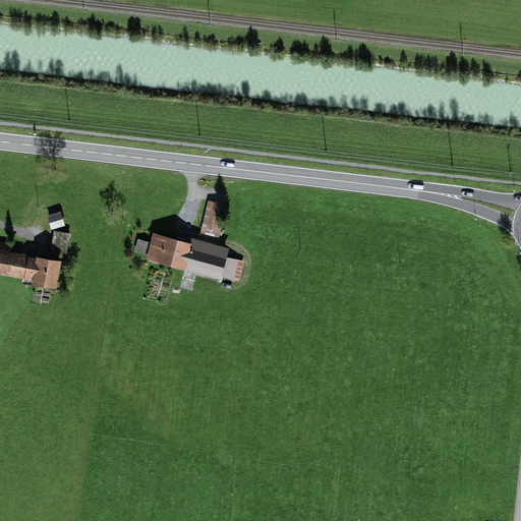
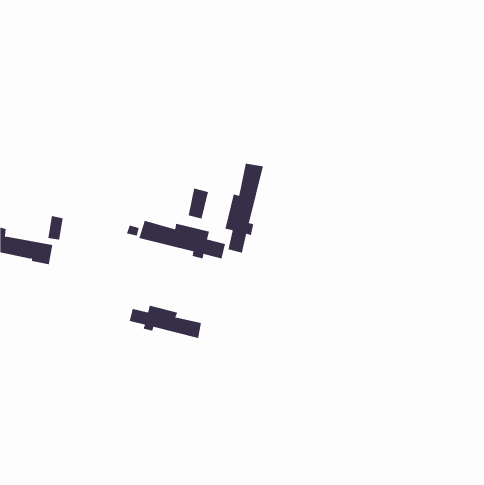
building: none -> [225,163,263,253]
building: none -> [129,305,202,339]

